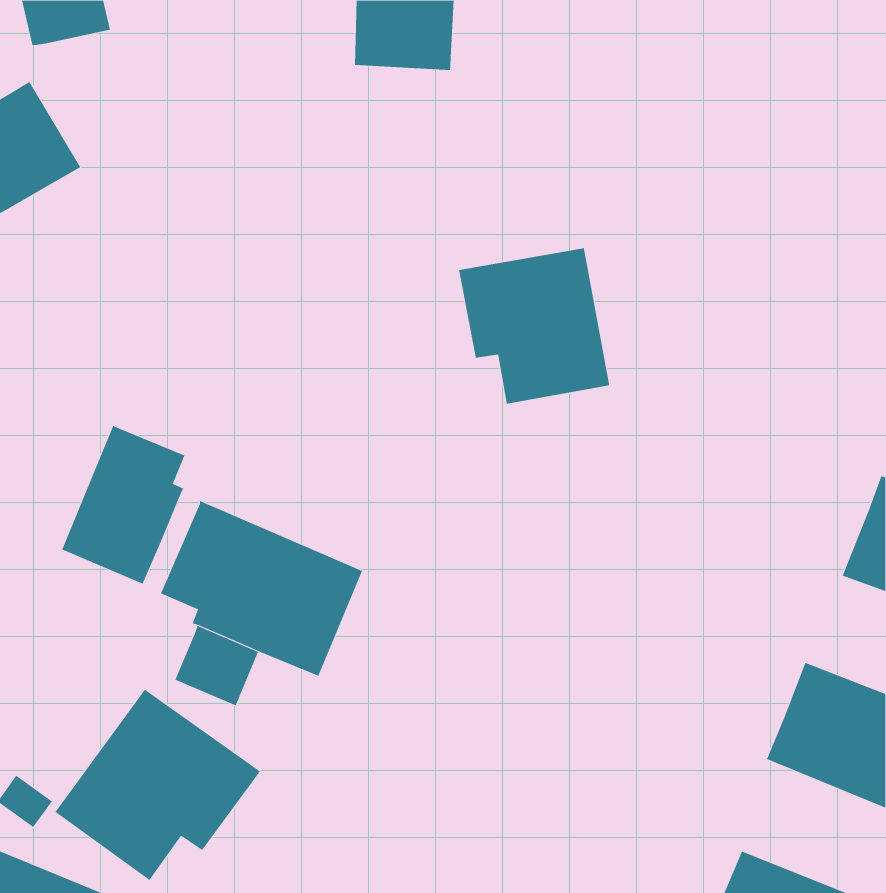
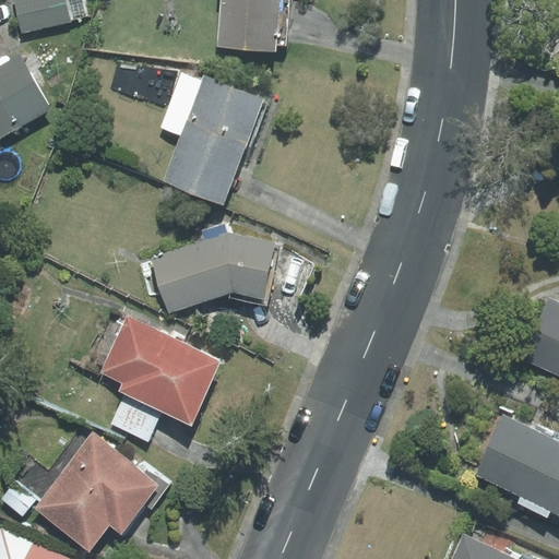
building: none -> [163,75,266,204]
building: [459,248,610,405] -> none
building: none -> [148,229,278,316]
building: [61,424,185,584] -> none

